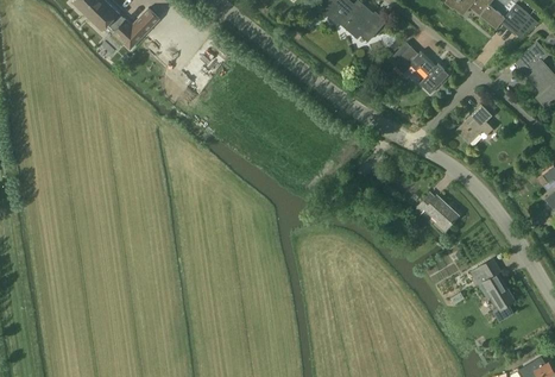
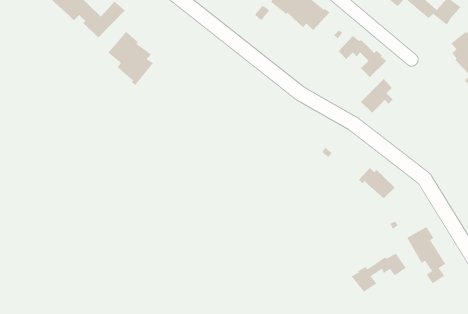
building: none -> [108,31,154,86]
building: [455,105,492,144] -> [360,78,393,114]
building: none -> [351,253,407,293]

